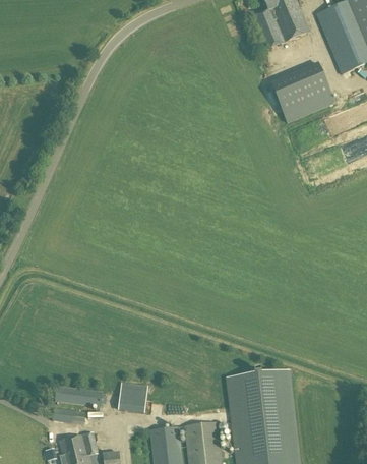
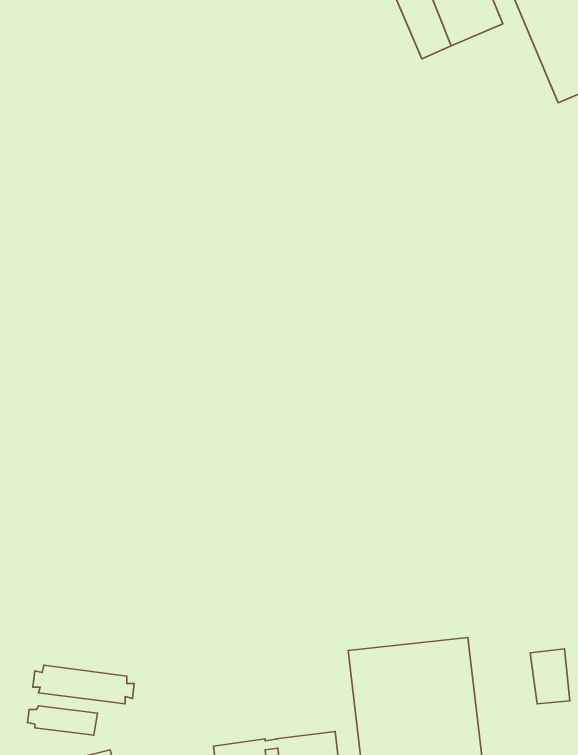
building: [269,70,329,121] -> none
building: none -> [530,649,570,704]
building: [118,381,148,412] -> none

